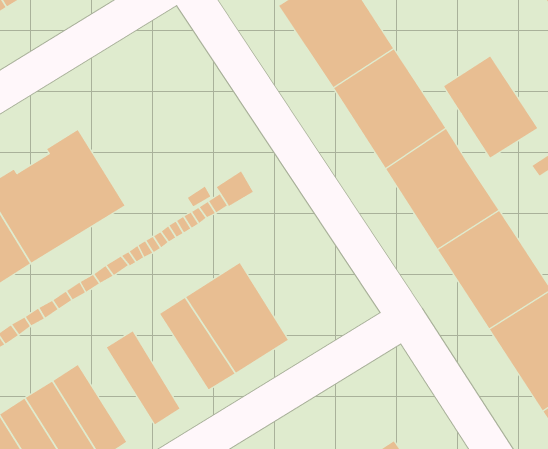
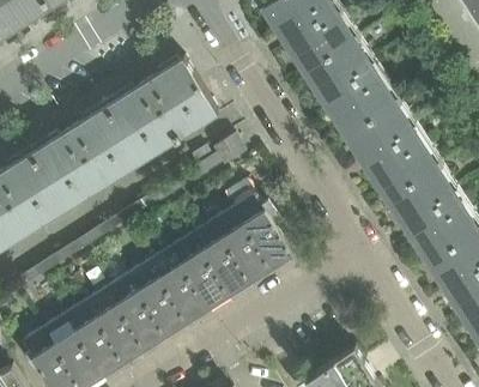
building: [443,55,538,158] -> none
building: none -> [104,61,216,165]
building: none -> [231,195,292,271]
building: none -> [147,250,206,325]
building: none -> [104,277,164,351]

